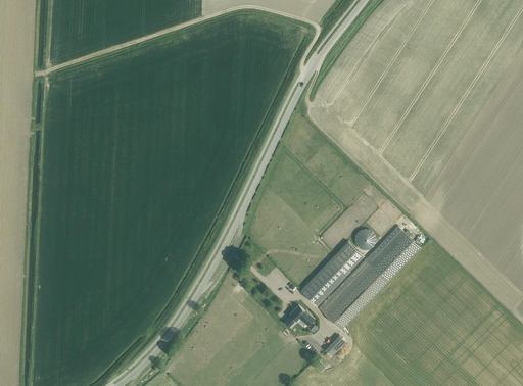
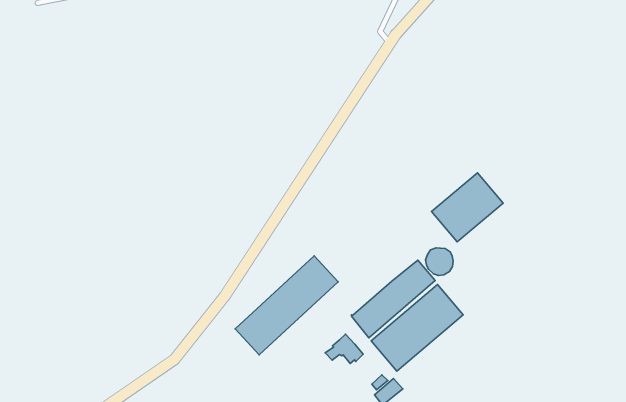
building: [364,225,419,280] -> [431,173,503,242]
building: none -> [235,256,338,355]

